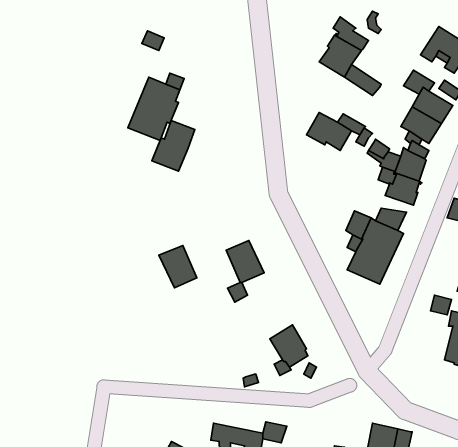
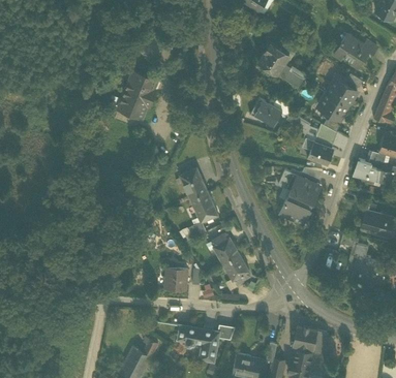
building: [152,121,195,171] -> none
building: [159,245,197,288] -> [179,168,207,199]
building: none -> [211,233,239,264]
building: none -> [164,269,187,290]

